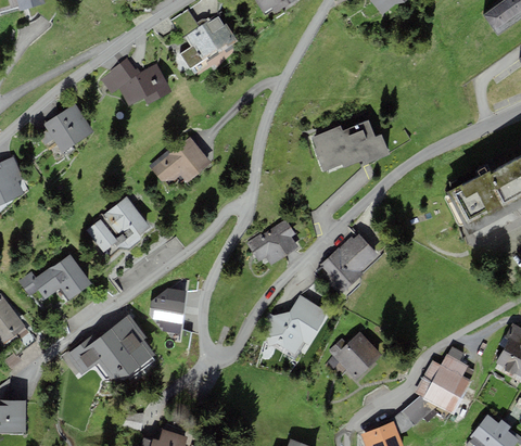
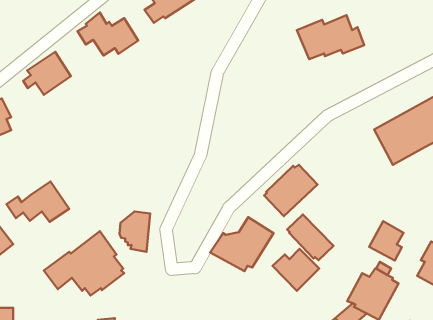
building: [312,119,390,170] -> [297,15,364,59]
building: [150,136,211,187] -> none
building: [88,196,150,256] -> none
building: [246,218,298,265] -> none
building: none -> [287,214,333,260]
building: none -> [369,221,403,261]

